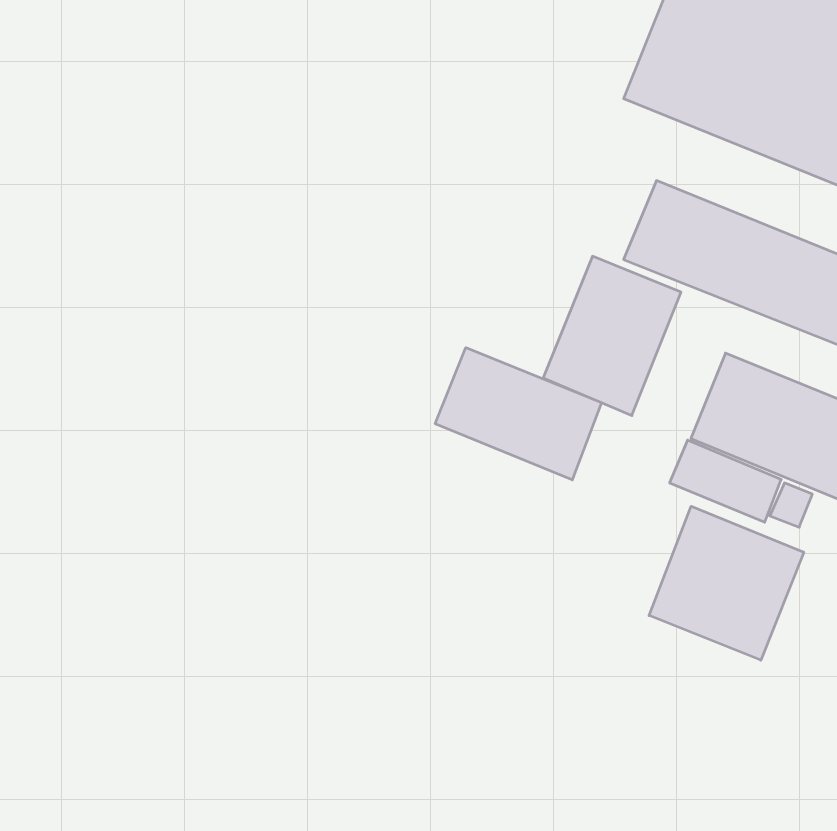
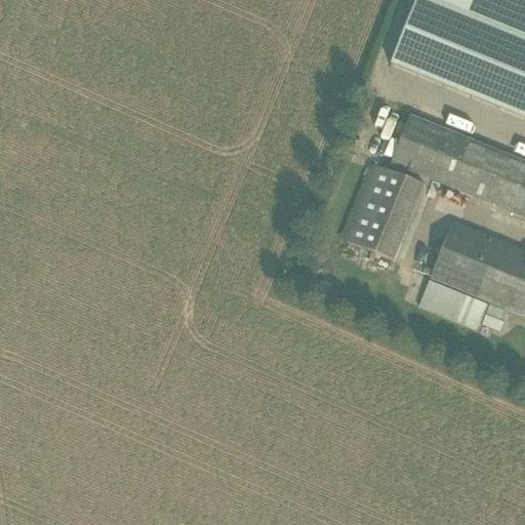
building: [435,348,602,480] -> none
building: [649,506,804,660] -> none

